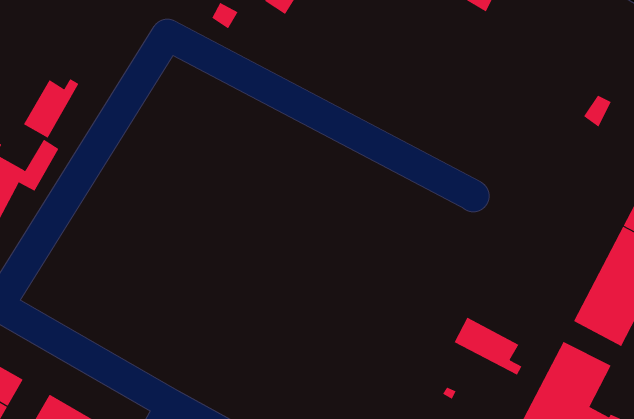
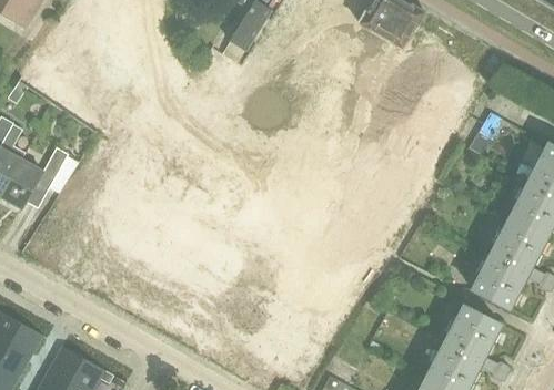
building: [23,78,79,139] -> none
building: [454,317,522,376] -> none

